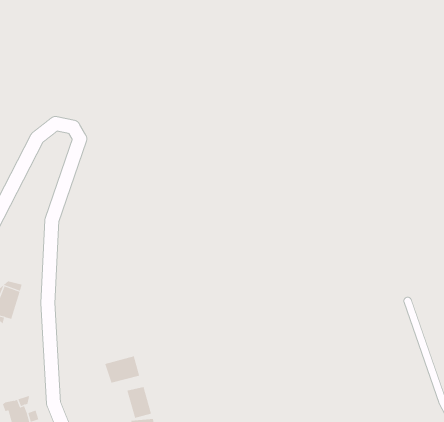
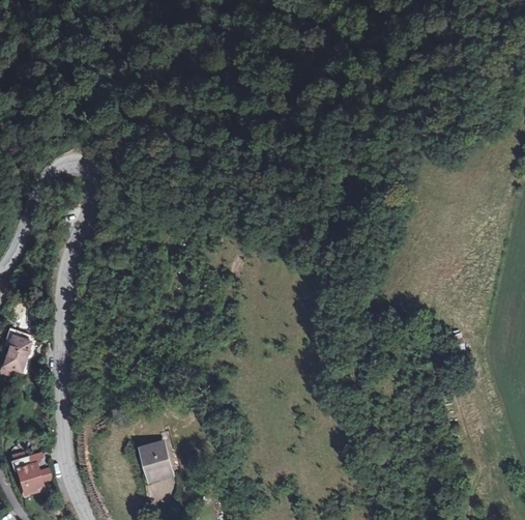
building: [105,355,140,384] -> none

